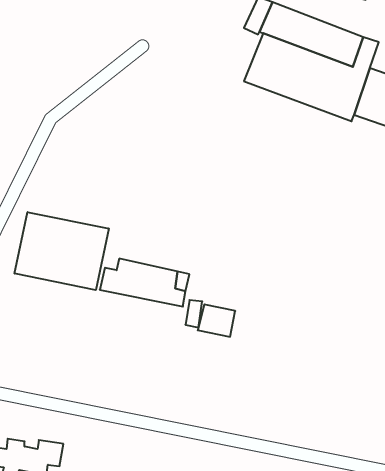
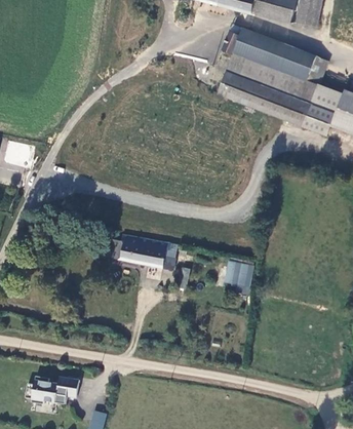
building: [15,212,109,290] -> none
building: [198,304,235,337] -> [226,260,256,285]

